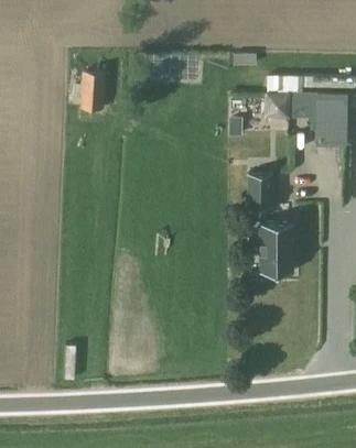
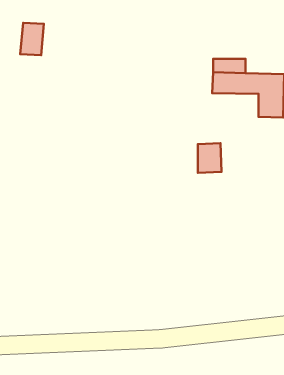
building: [77,73,105,110] -> [20,23,44,55]
building: [259,221,293,276] -> none

